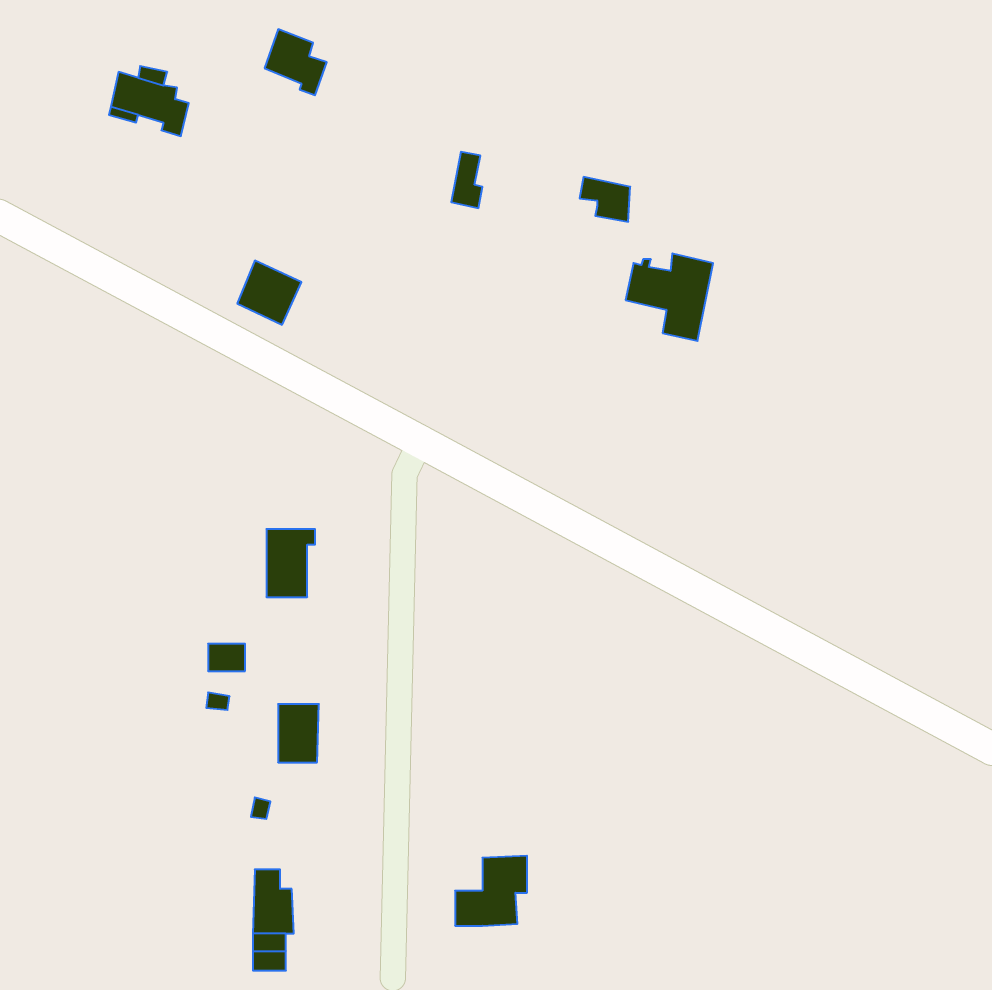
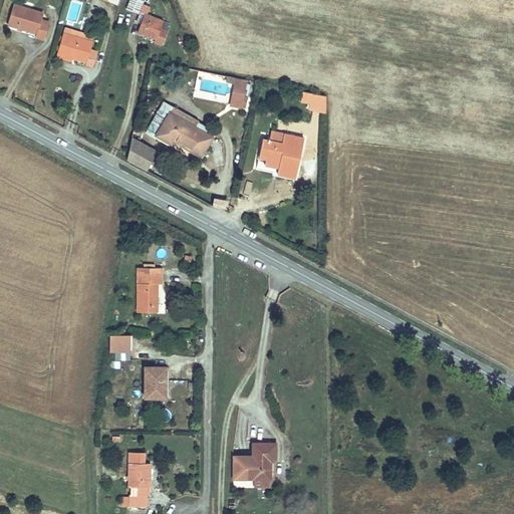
building: none -> [6,6,46,42]
building: none -> [160,116,213,158]
building: [626,253,713,341] -> [259,134,304,179]

